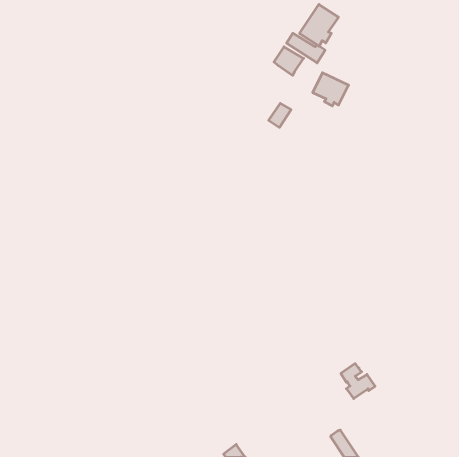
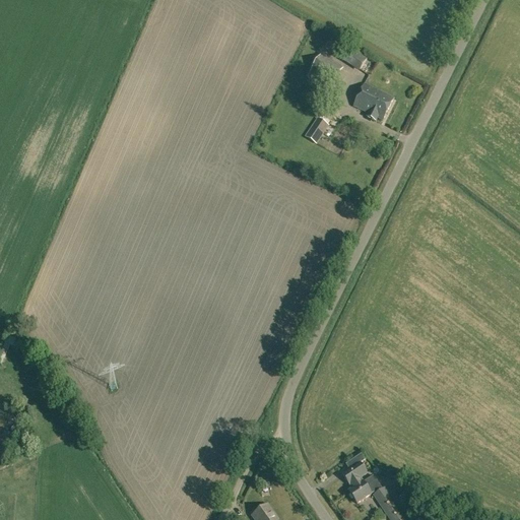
building: [300,4,338,46] -> none
building: [341,364,375,399] -> [343,462,382,502]

